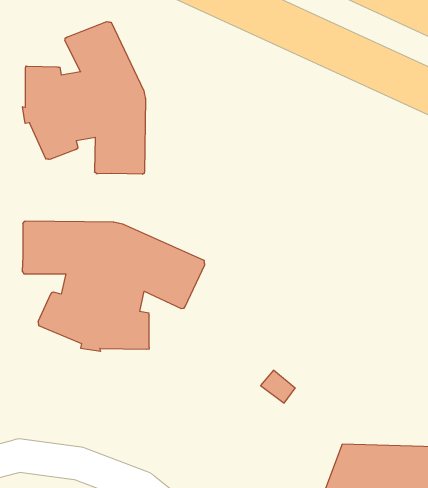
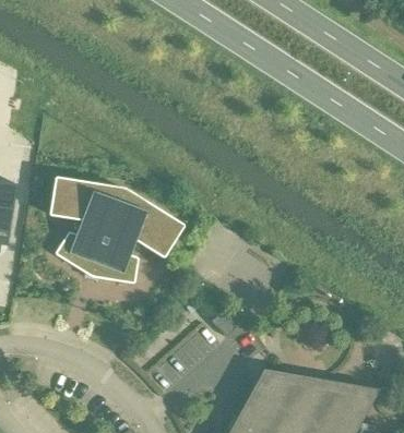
building: [23,22,145,174] -> none

